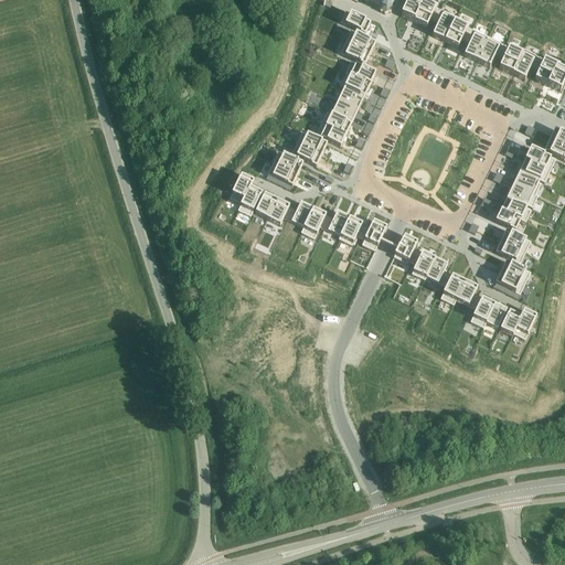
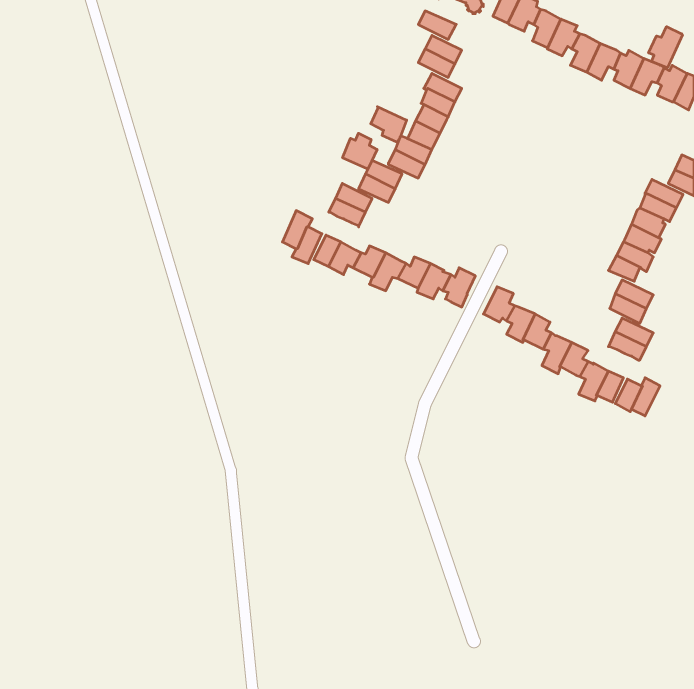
building: none -> [649,27,682,68]
building: none -> [371,107,407,142]
building: none -> [343,133,377,169]

